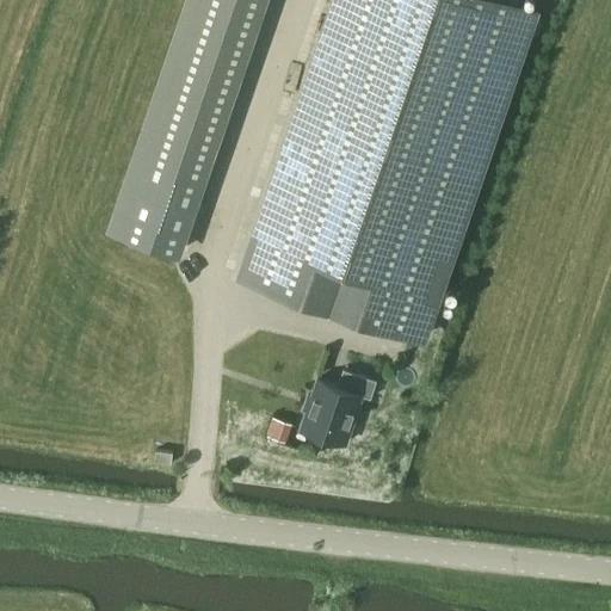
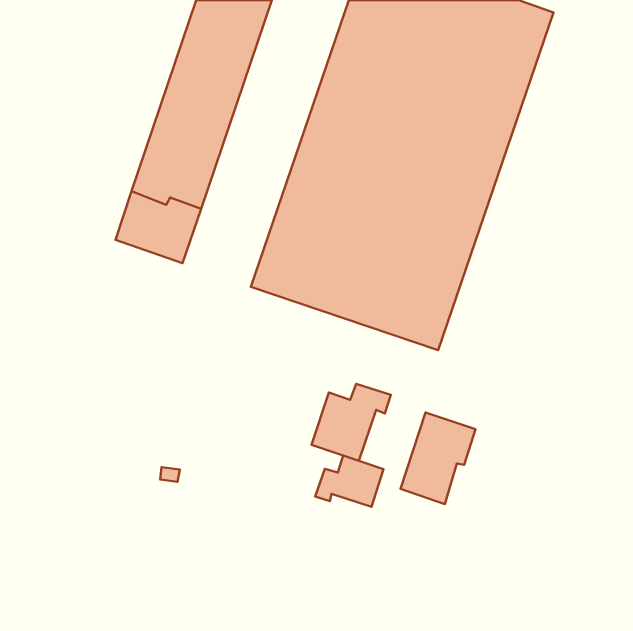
building: none -> [401,412,476,504]
building: none -> [315,456,384,507]

